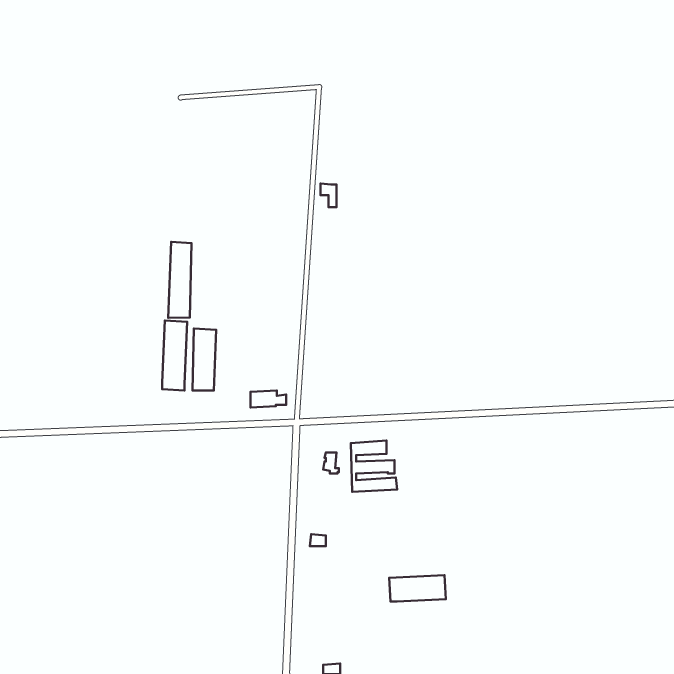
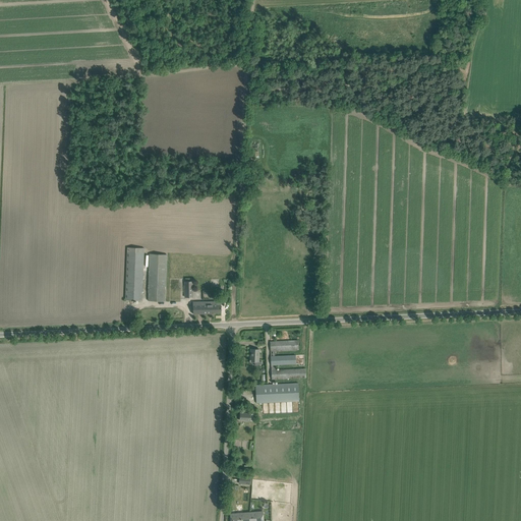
building: [168,242,192,318] -> none
building: [389,575,446,602] -> [255,383,299,403]

